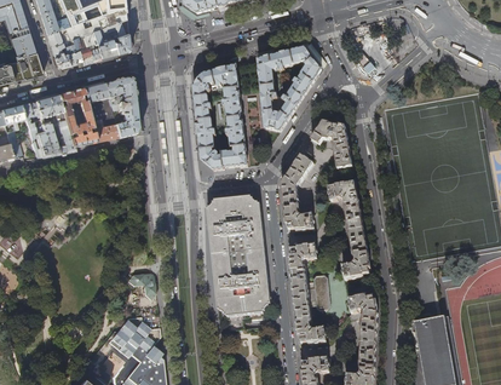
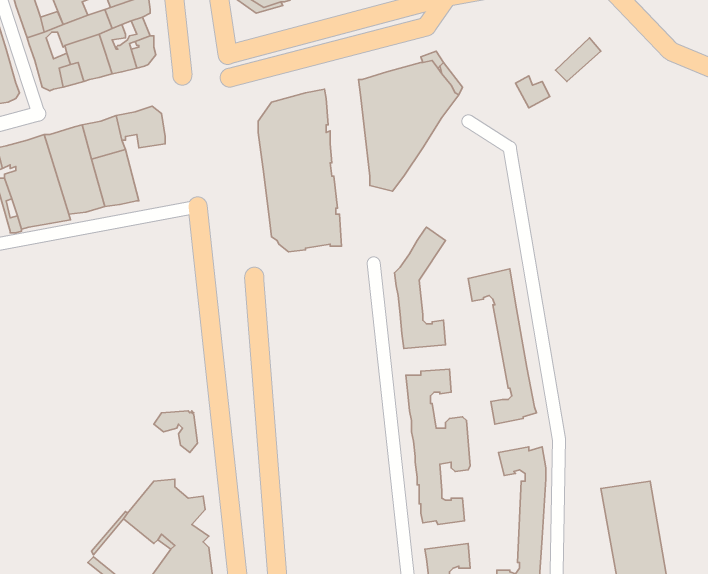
building: [108,100,136,137] -> none
building: [309,121,351,168] -> none
building: [206,195,270,329] -> none

